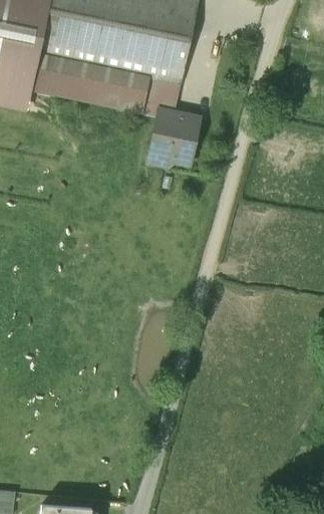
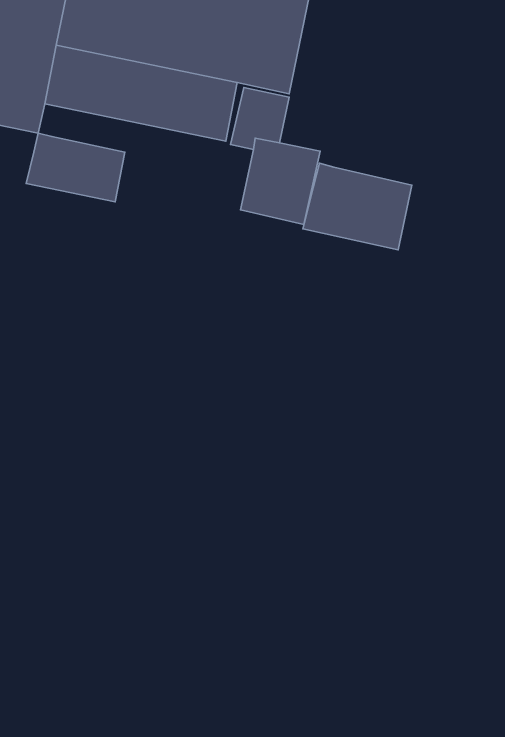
building: none -> [26,133,125,202]
building: none -> [303,163,412,250]

